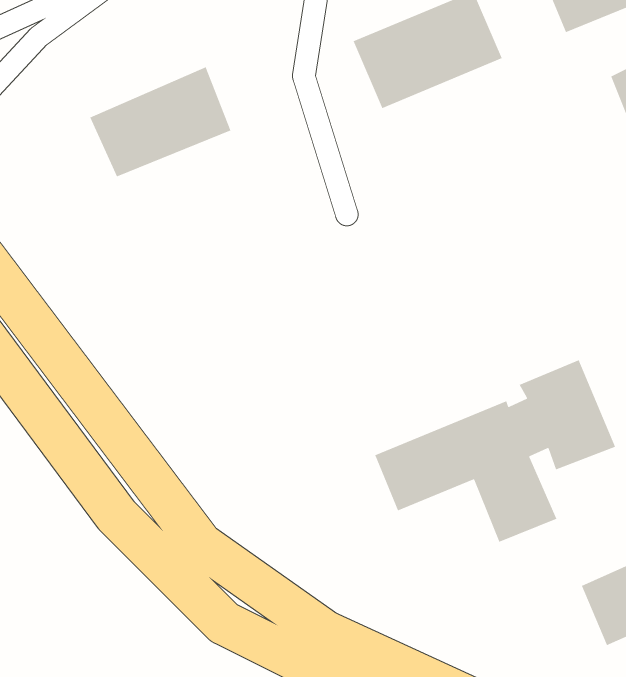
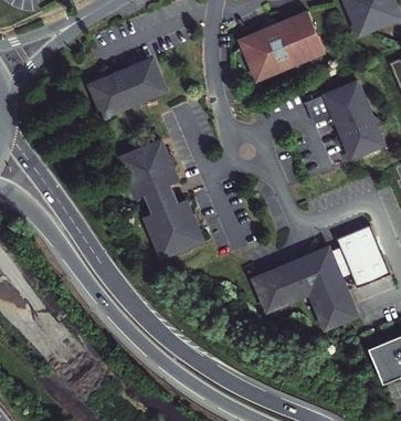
building: none -> [303,80,382,158]
building: none -> [116,138,202,259]

